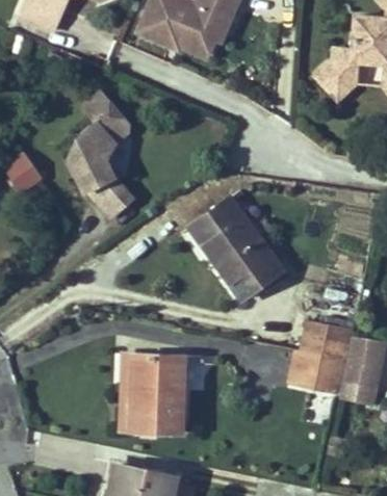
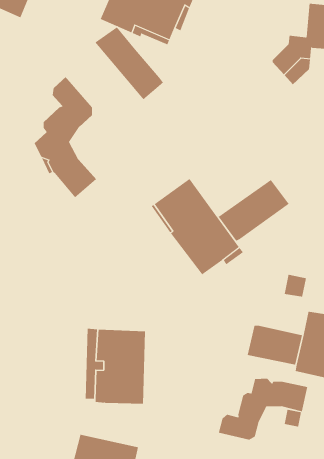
building: none -> [94,27,164,100]
building: none -> [218,179,289,242]
building: [302,320,355,361] -> none
building: none -> [218,378,308,441]

